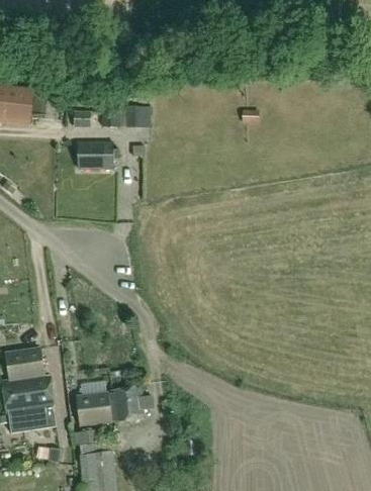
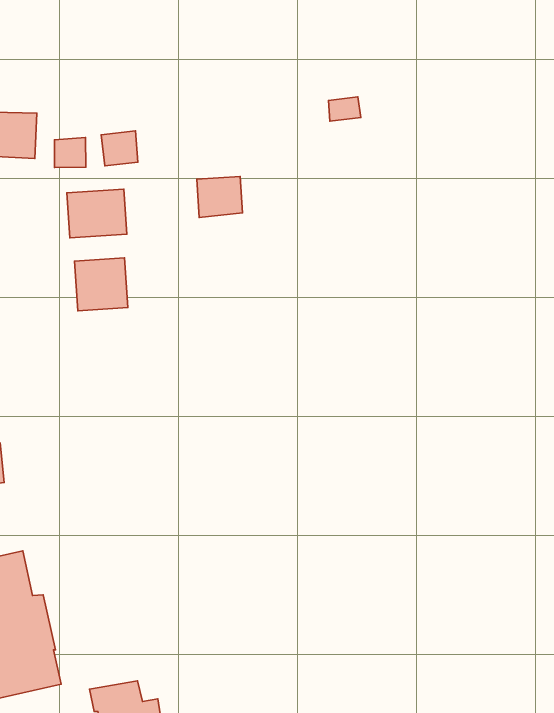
building: [125,105,151,127] -> [197,176,242,217]
building: none -> [75,258,128,311]
building: [79,387,151,425] -> none

